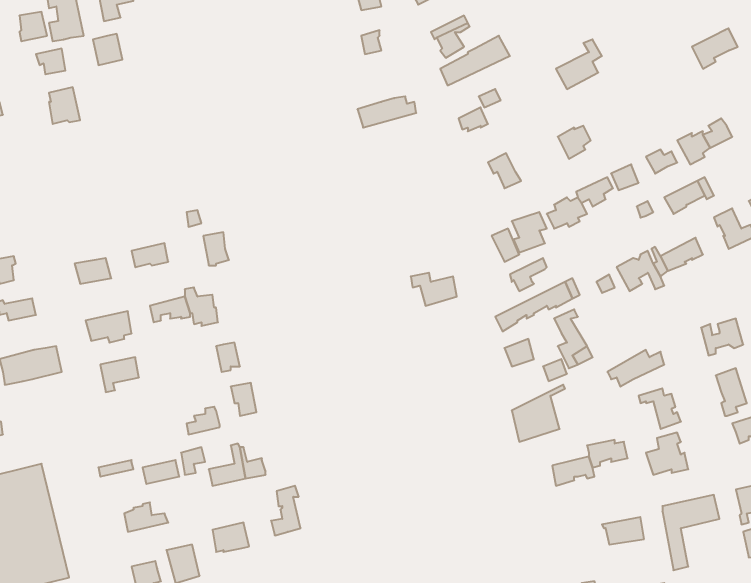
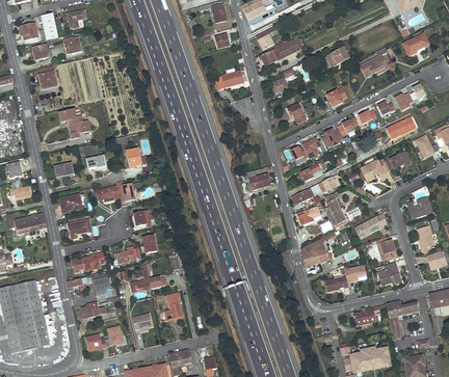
building: none -> [361,48,389,77]
building: none -> [60,108,90,138]
building: none -> [73,252,105,273]

